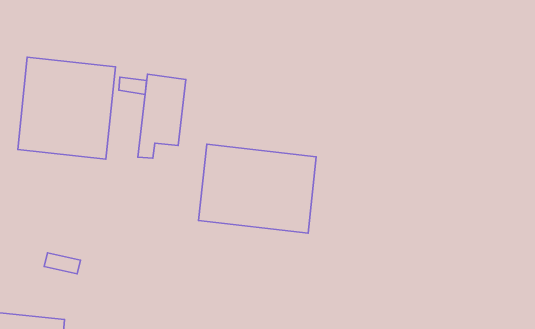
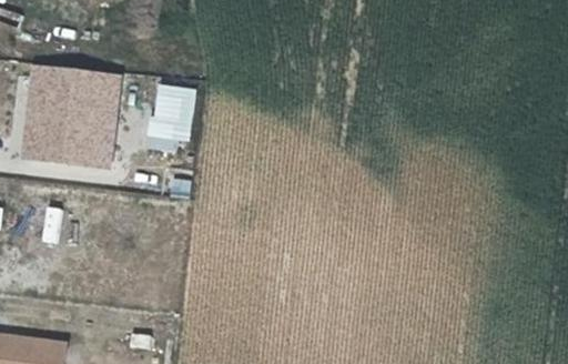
building: [199,144,316,233] -> none

